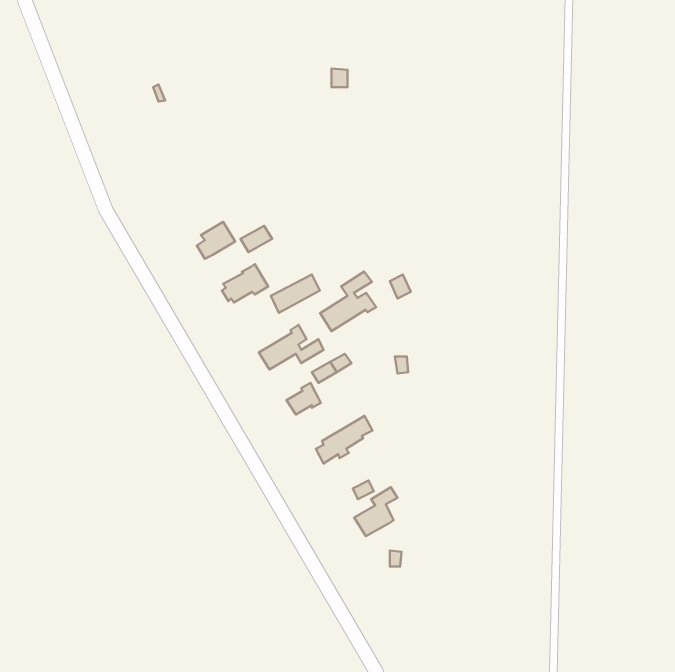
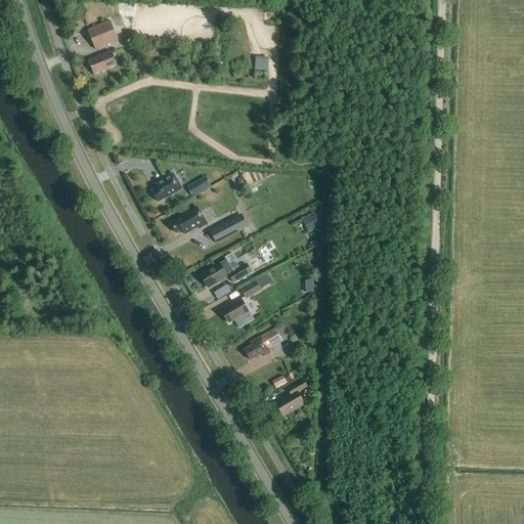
building: none -> [88,19,118,48]
building: none -> [88,50,117,74]
building: [320,272,376,331] -> none

